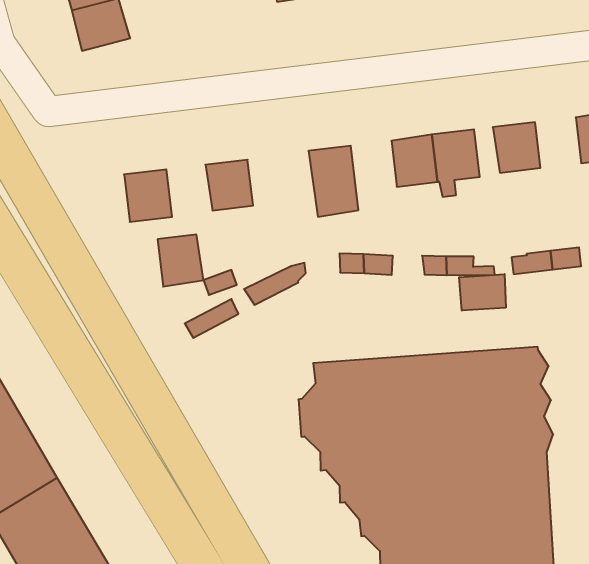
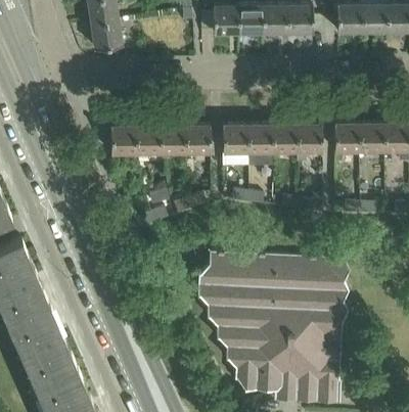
building: none -> [358,125,382,152]
building: none -> [246,126,272,166]
building: none -> [184,126,209,154]
building: [158,235,204,287] -> [135,127,160,155]
building: [459,274,506,311] -> none

